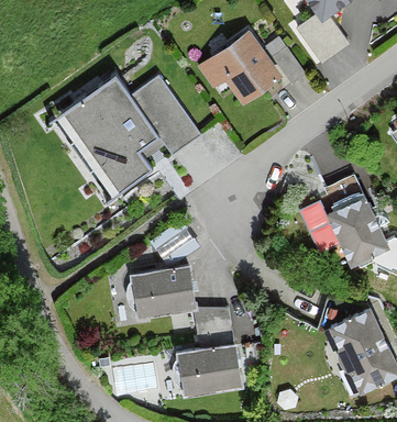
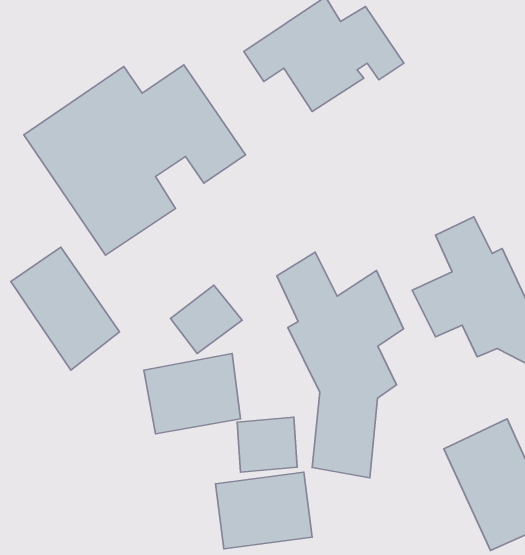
building: none -> [11,247,119,370]
building: none -> [277,252,403,478]

